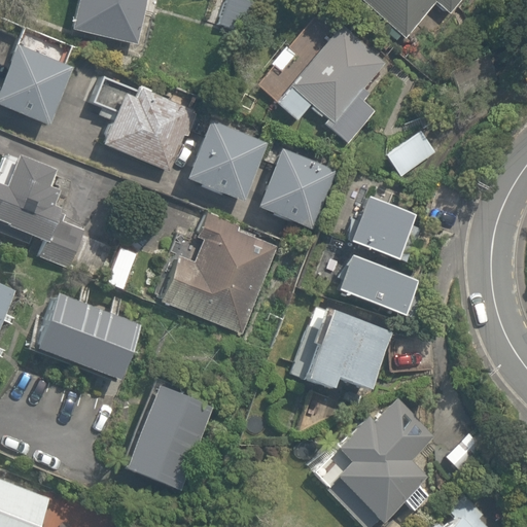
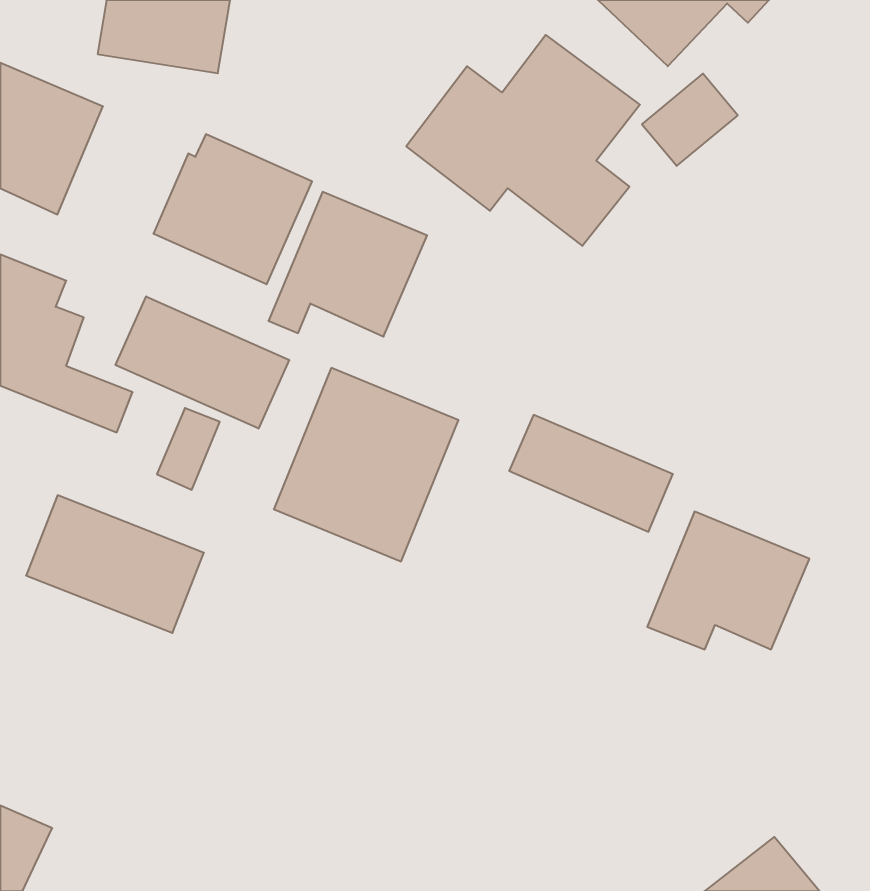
building: [385,126,442,180] -> [642,74,738,166]
building: [248,145,341,226] -> none
building: none -> [116,296,289,429]
building: [337,190,407,255] -> none
building: [298,318,394,399] -> [647,512,809,649]
building: [114,382,204,487] -> none
building: [325,414,433,519] -> none

